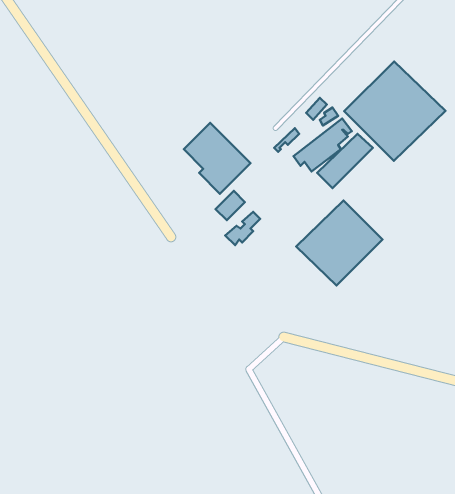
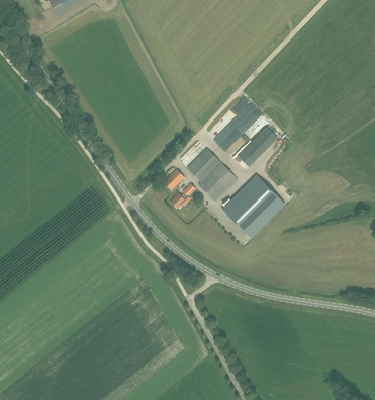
building: [344,61,445,161] -> none
building: [184,123,251,194] -> [188,148,237,199]

